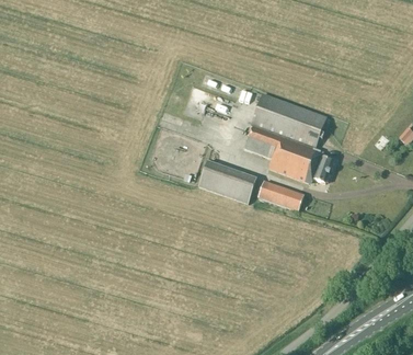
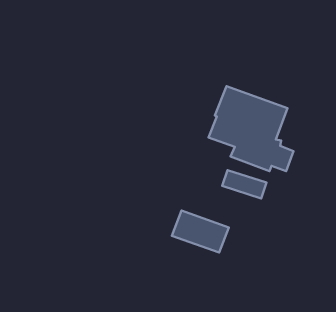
building: [198,160,257,204] -> [172,211,229,253]

